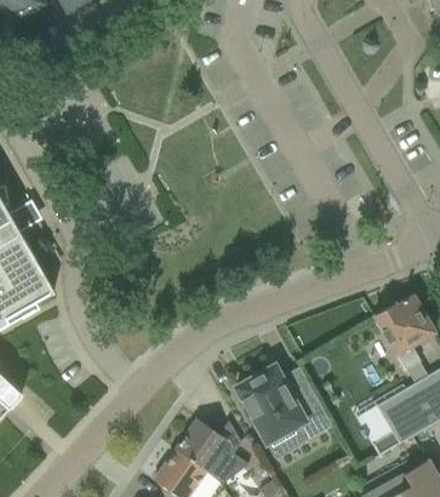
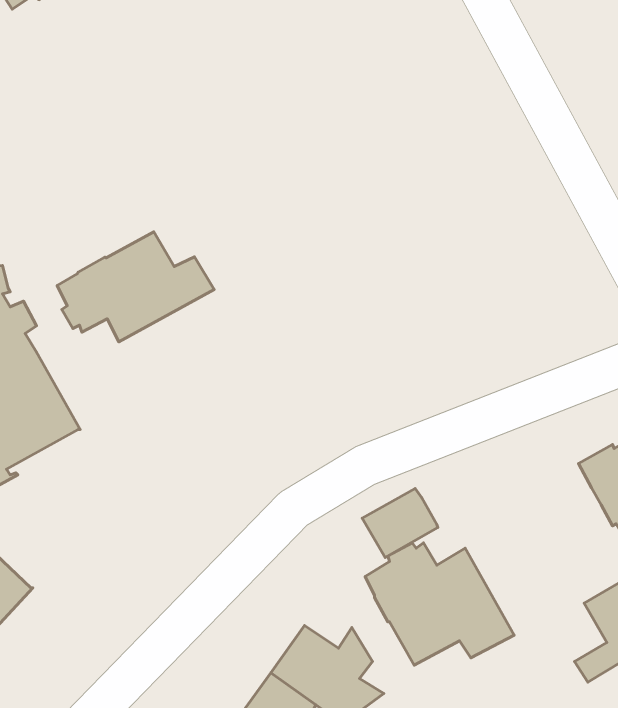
building: none -> [57,232,214,342]
building: none -> [362,488,438,557]

